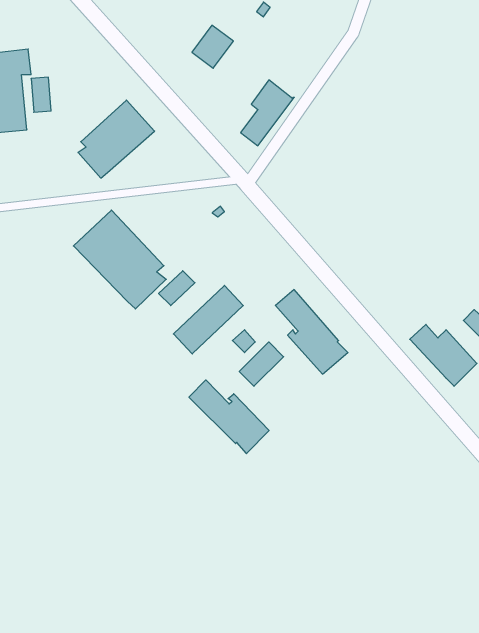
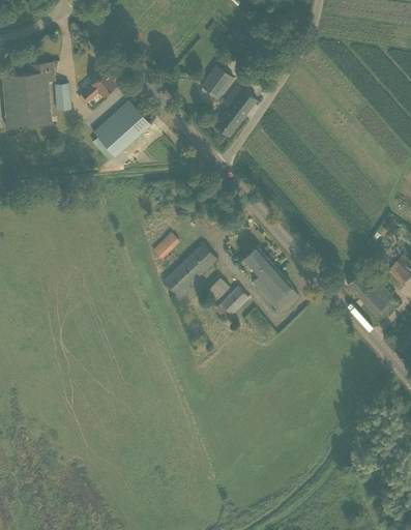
building: [192,25,233,68] -> [202,65,234,98]
building: none -> [81,72,115,101]
building: [73,210,166,309] -> none
building: [189,380,269,454] -> none

